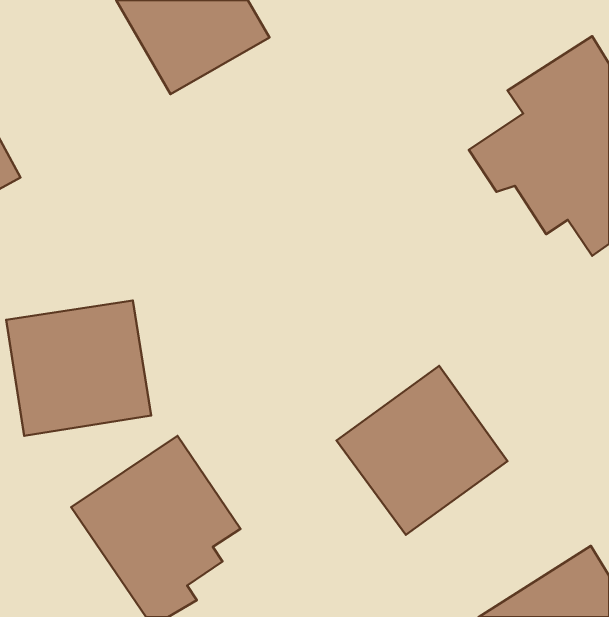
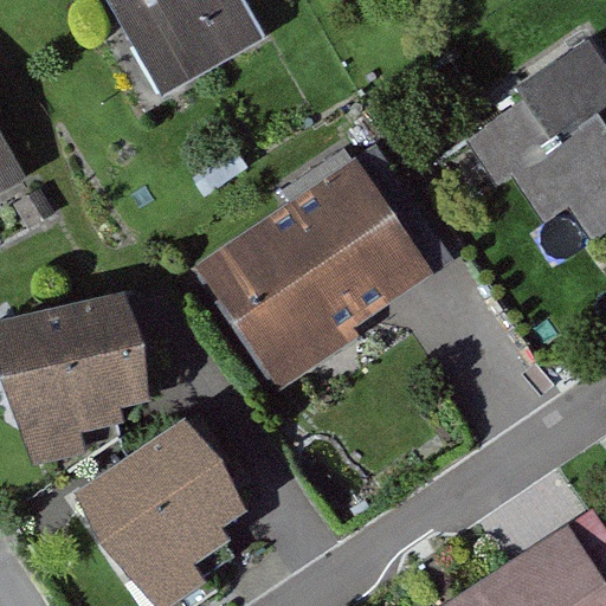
building: none -> [228,162,443,368]
building: [336,366,508,535] -> none

